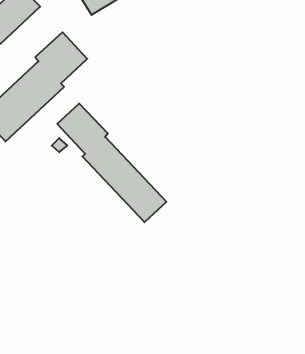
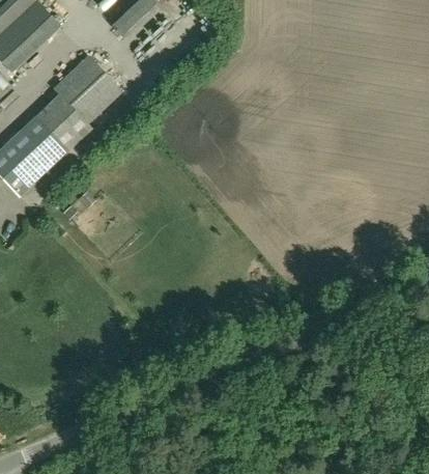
building: [57,103,166,222] -> none

